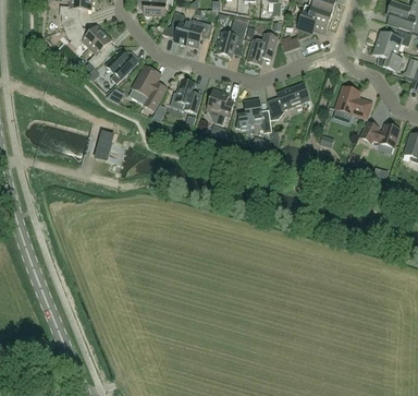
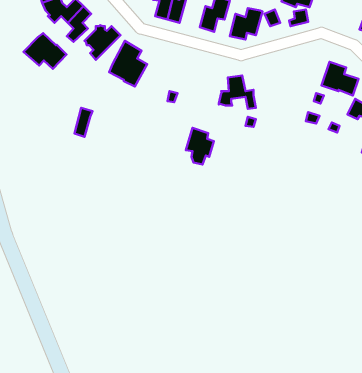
building: none -> [24,33,66,69]
building: [171,80,201,112] -> none
building: [278,83,309,109] -> none
building: [207,88,234,124] -> [186,128,214,165]

